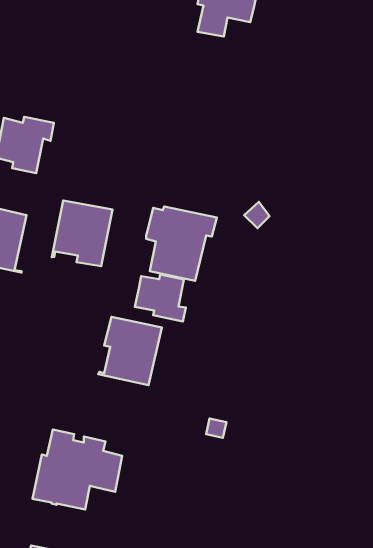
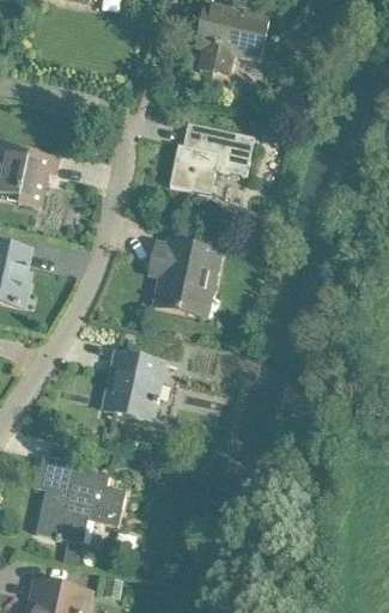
building: none -> [169,122,254,194]
building: [52,201,113,266] -> none
building: [135,274,186,321] -> none

